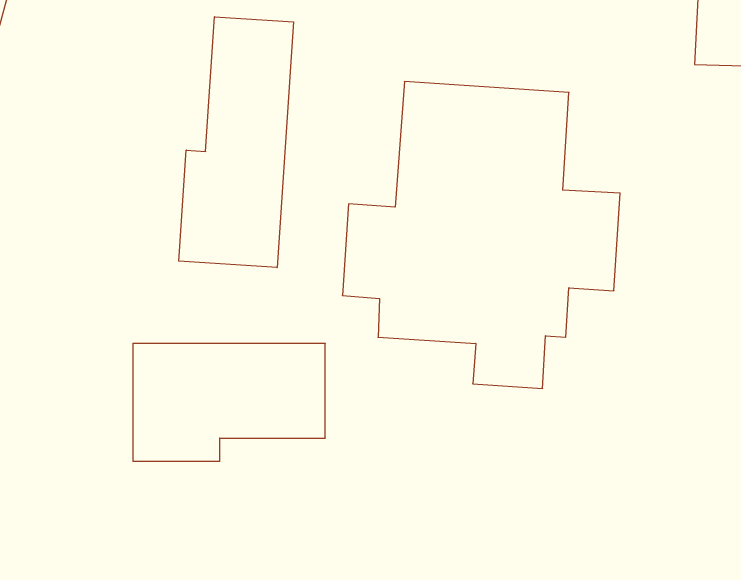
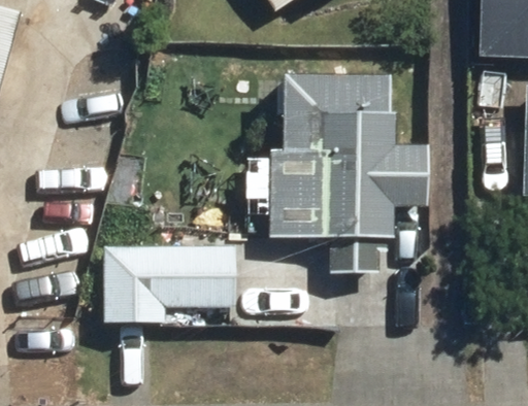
building: [179,17,293,268] -> none

